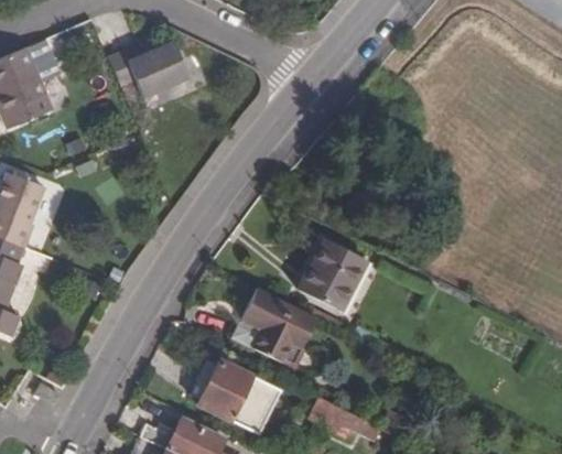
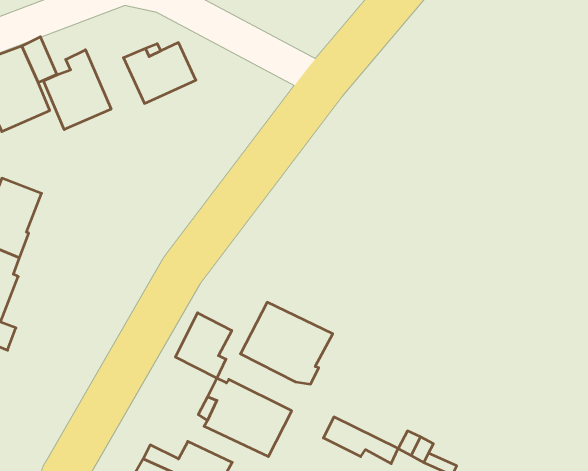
building: none -> [43,50,111,130]
building: [300,240,366,311] -> none
building: none -> [175,313,232,378]

